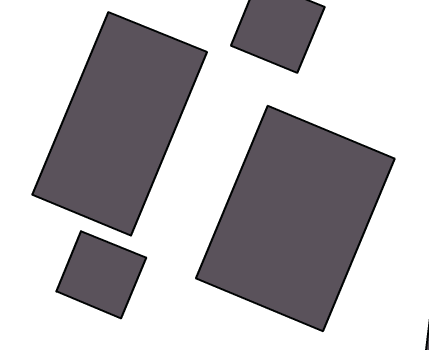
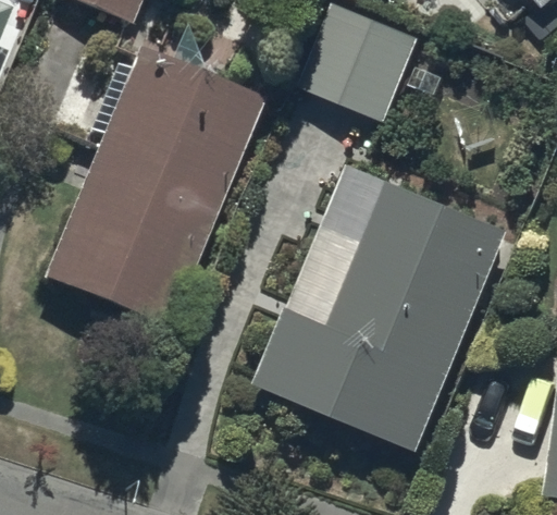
building: [56,231,146,318] -> none

